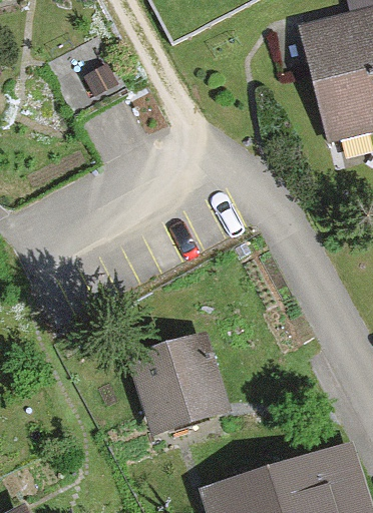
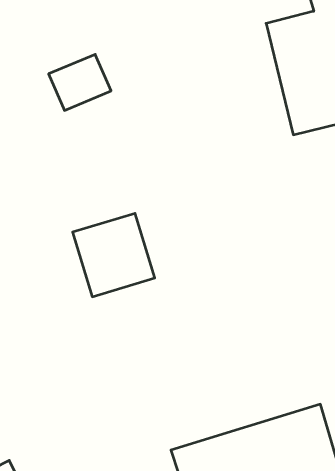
building: [131,334,220,423] -> [73,213,155,297]

